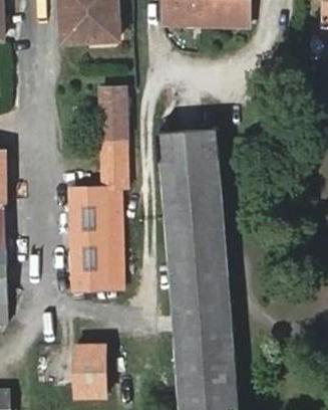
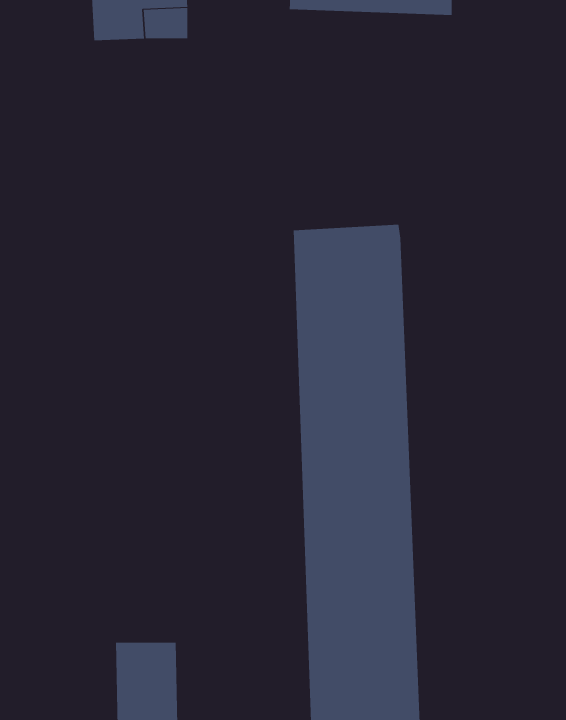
building: [71,85,128,287] -> none

